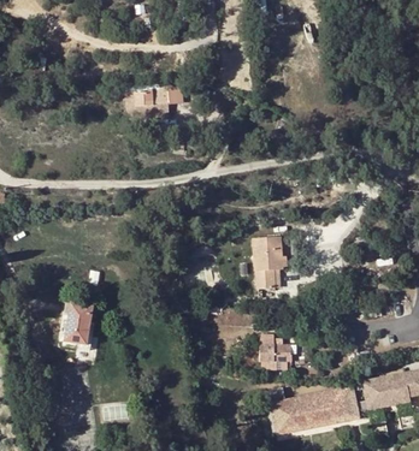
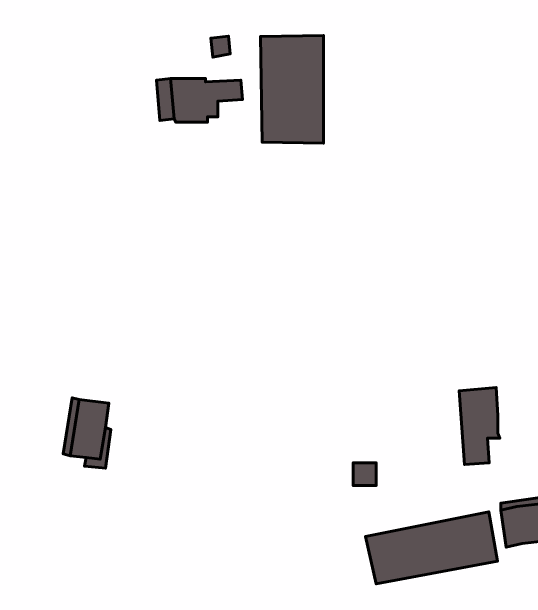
building: none -> [261,36,323,143]
building: [255,238,283,291] -> [459,387,500,465]

